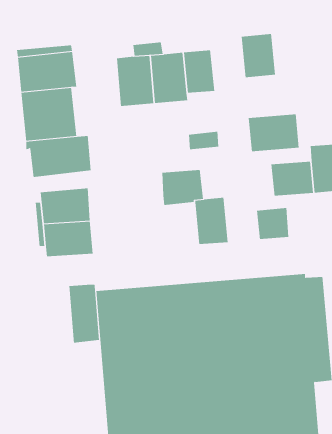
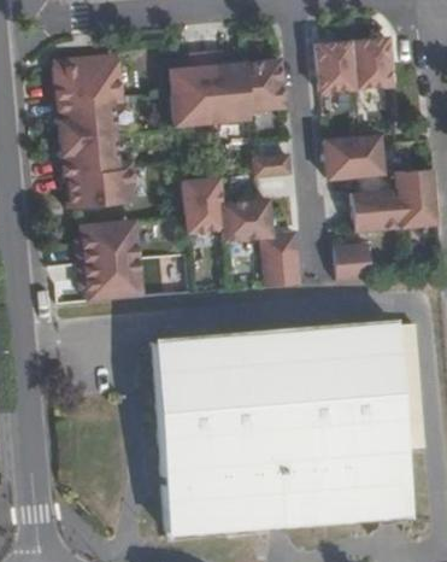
building: none -> [352,37,393,89]
building: none -> [183,178,224,234]
building: [69,284,99,344] -> none

